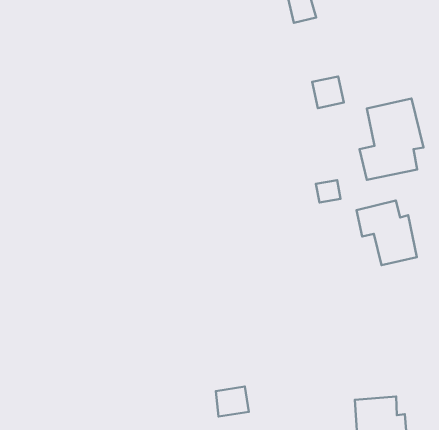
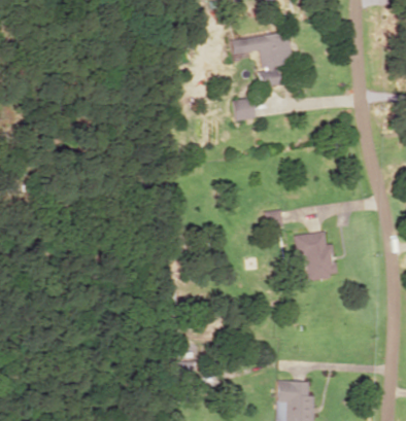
building: [312,76,344,108] -> [233,98,256,120]
building: [360,98,424,180] -> none

